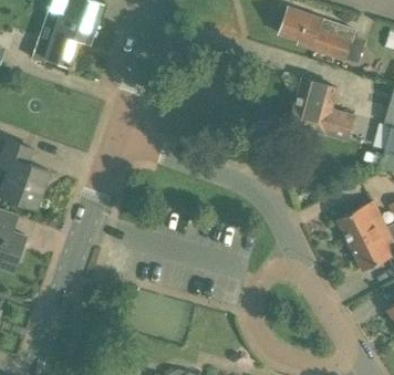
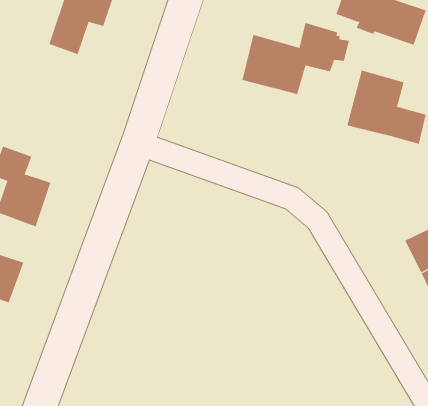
building: none -> [242,22,350,95]

